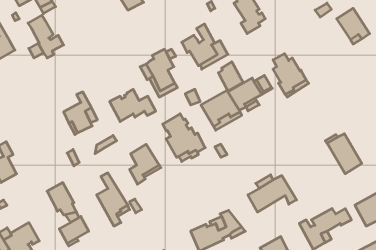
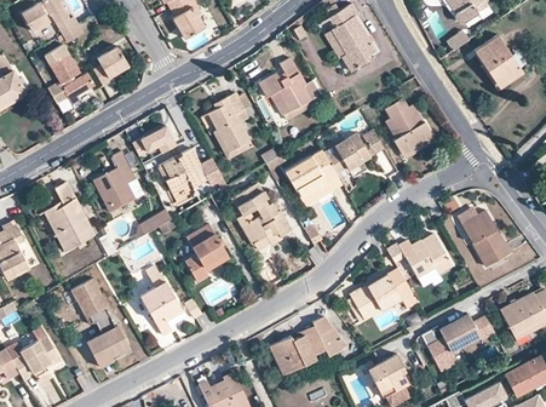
building: none -> [93,47,128,87]
building: [218,62,243,90] -> none
building: none -> [132,126,176,156]
building: none -> [44,182,94,252]
building: none -> [389,233,452,276]

